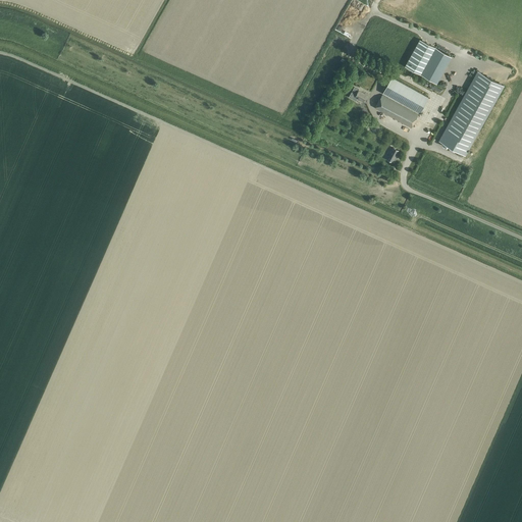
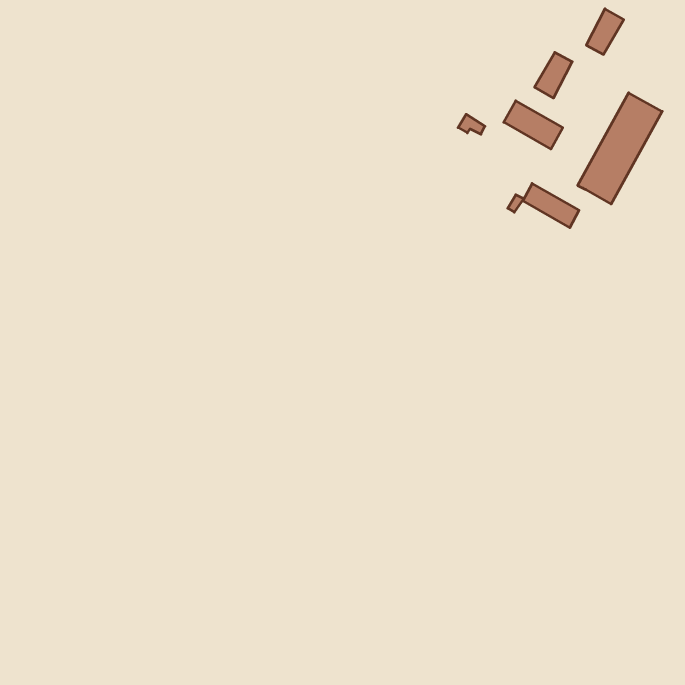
building: [420,48,449,83] -> [586,9,624,54]
building: [374,95,417,128] -> [523,183,579,228]

